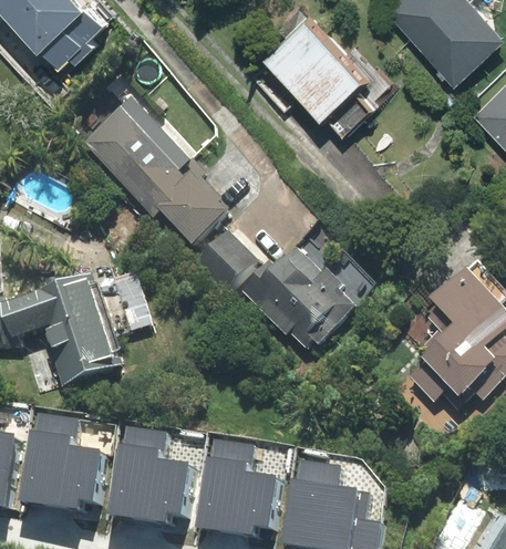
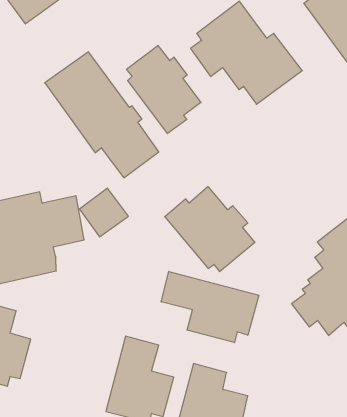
building: none -> [127,45,201,134]
building: [196,230,256,290] -> [80,188,128,237]
building: none -> [161,271,259,343]
building: [112,425,187,522] -> none

